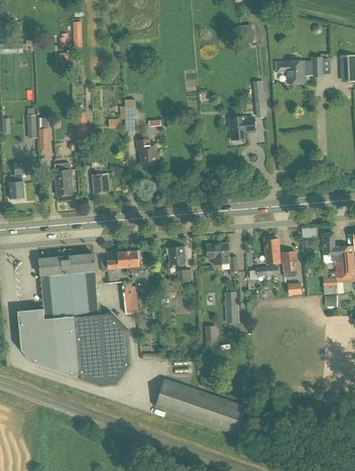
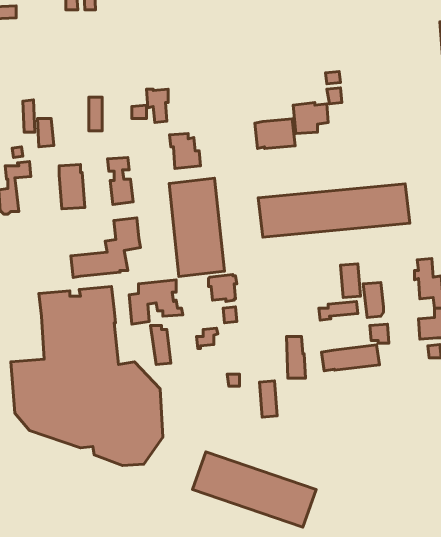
building: [274,56,323,83] -> none
building: none -> [255,119,295,149]
building: none -> [169,178,224,276]
building: none -> [258,184,410,237]
building: none -> [71,218,141,278]
building: [206,242,237,271] -> none
building: none -> [321,345,379,371]

